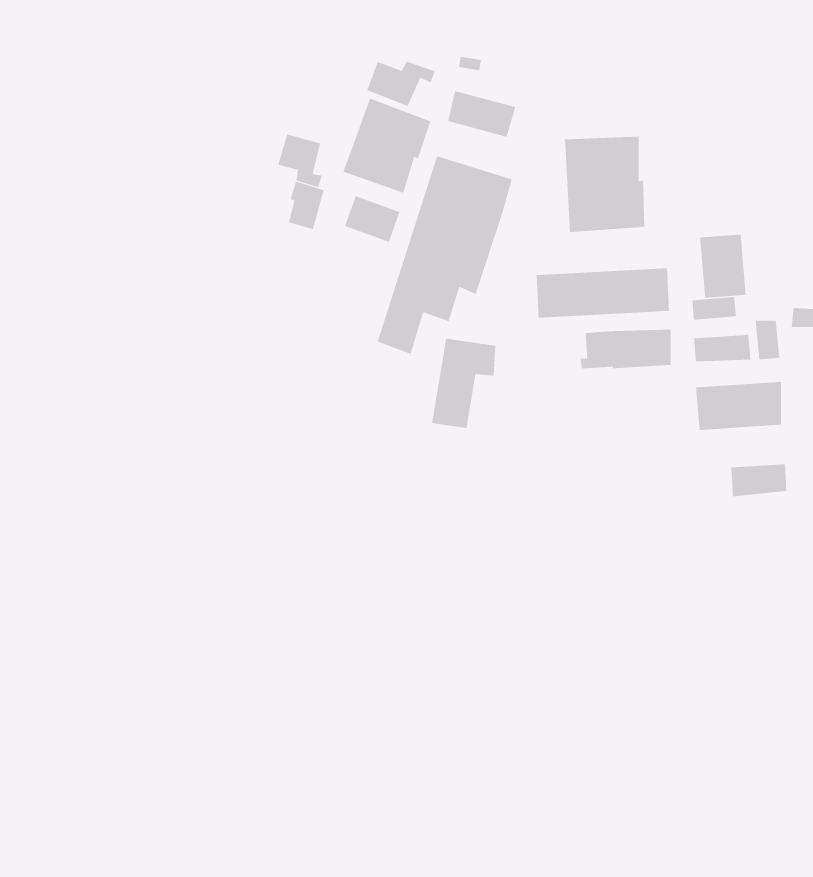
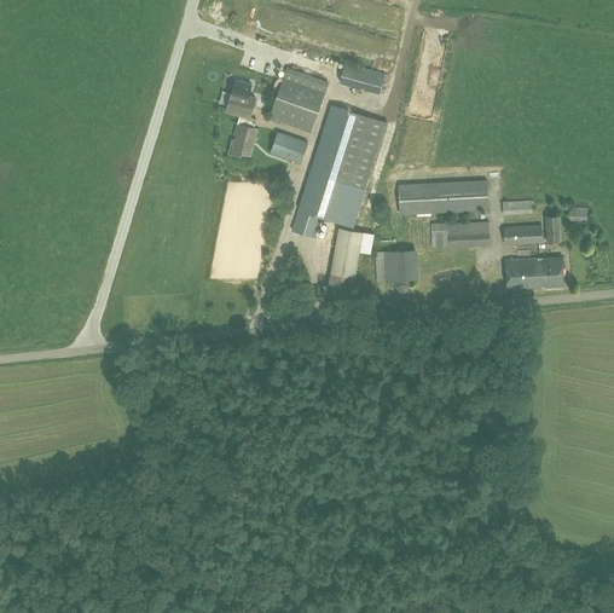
building: [367,61,435,107] -> none
building: [564,136,645,233] -> none
building: [700,234,746,299] -> none
building: none -> [380,251,421,287]
building: [731,464,787,497] -> none

